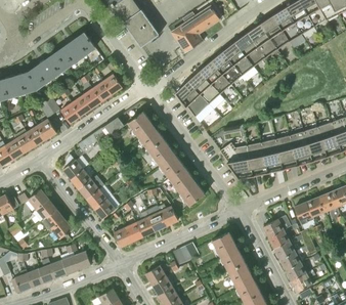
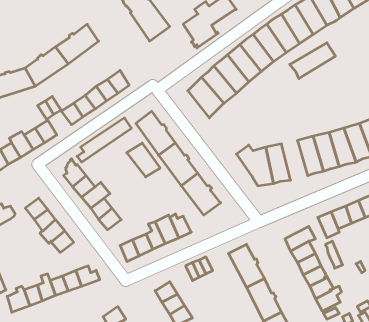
building: none -> [290,43,335,79]
building: [260,138,284,174] -> none
building: none -> [127,143,160,177]

